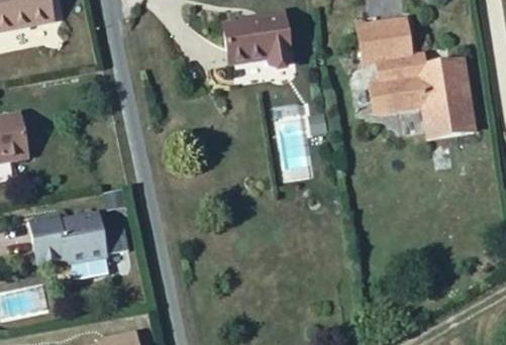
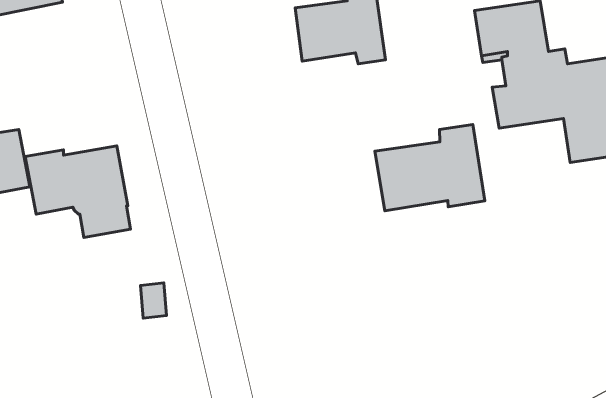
building: none -> [375,124,485,211]
building: [30,212,108,279] -> [25,146,130,237]

